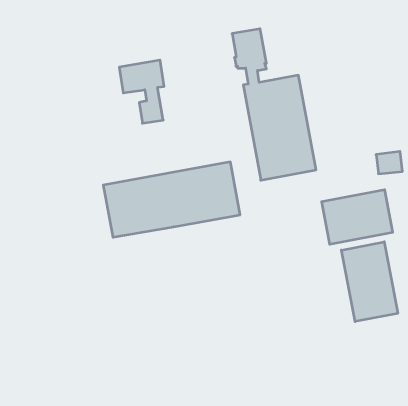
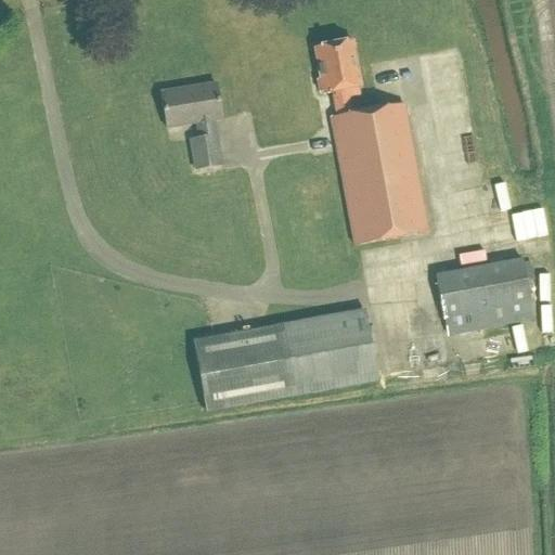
building: [103,162,240,237] -> [193,308,378,410]
building: [341,242,398,322] -> none

